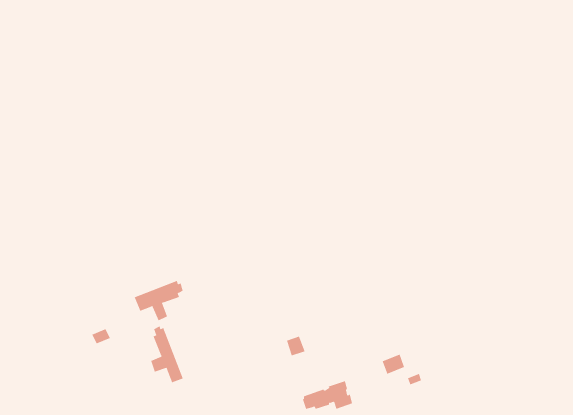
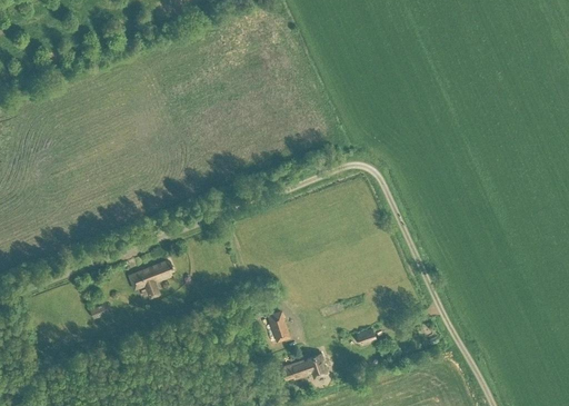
building: [151,325,184,383] -> none

